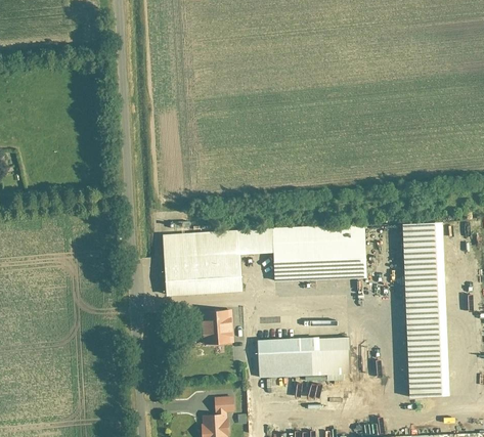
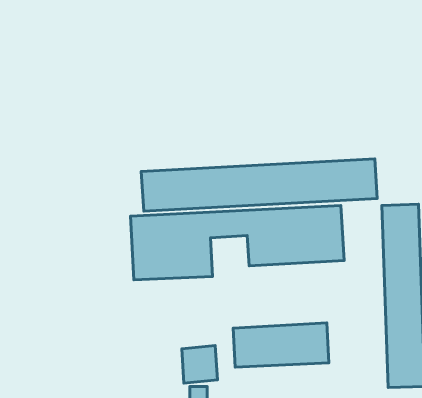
building: none -> [141,159,377,211]
building: [205,309,238,345] -> [182,345,217,383]

